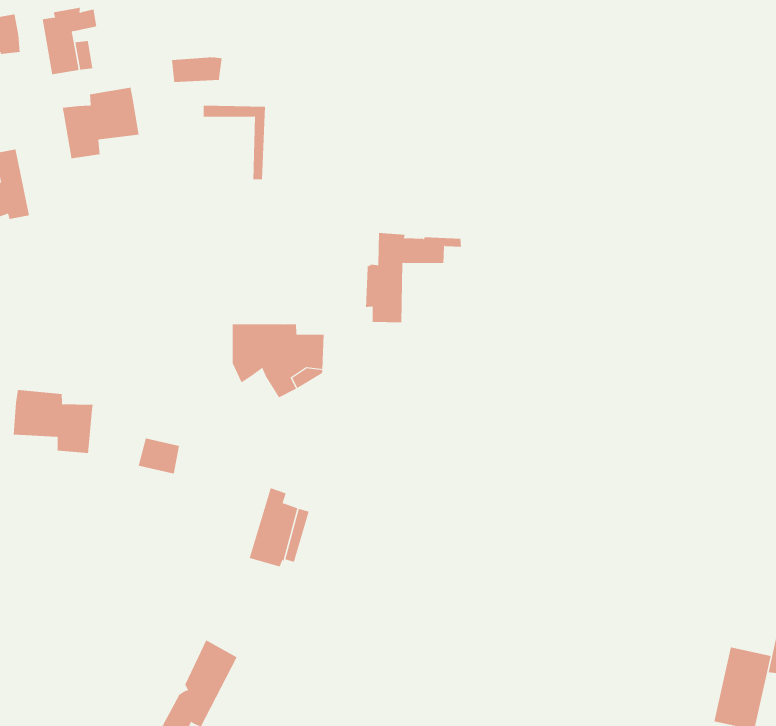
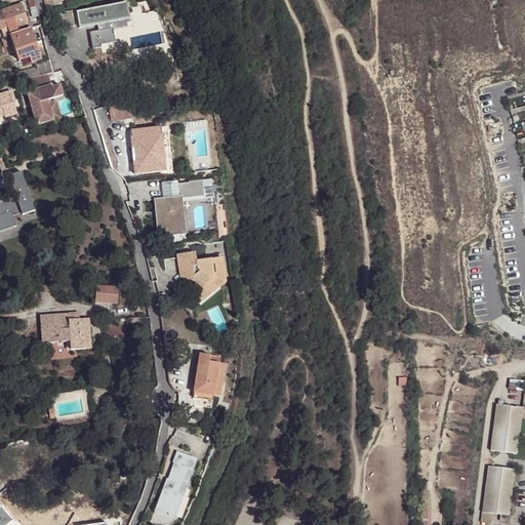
building: [62,87,139,159] -> none
building: none -> [131,131,166,172]
building: [365,233,462,323] -> [158,177,213,235]
building: [138,438,180,474] -> [95,283,119,302]

